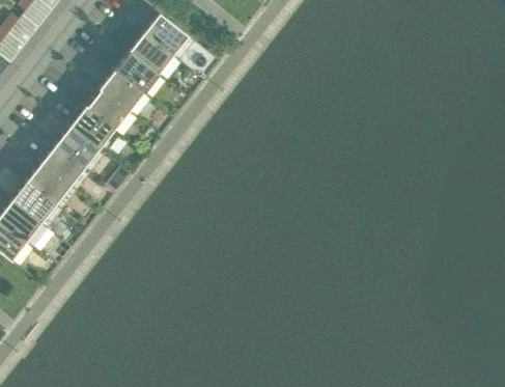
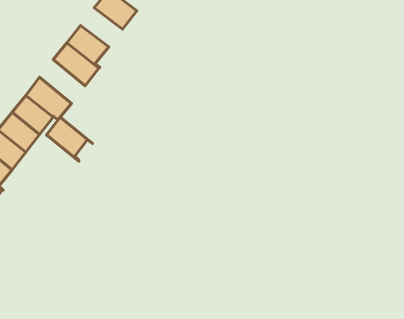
building: [128,33,172,75] -> none
building: [84,88,133,135] -> [47,117,92,161]

